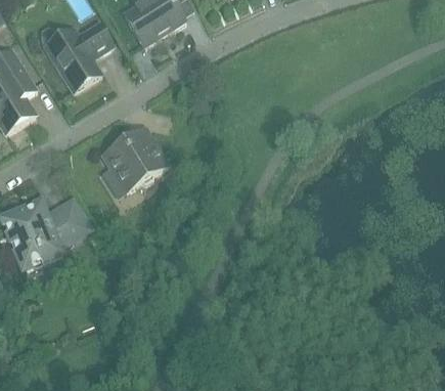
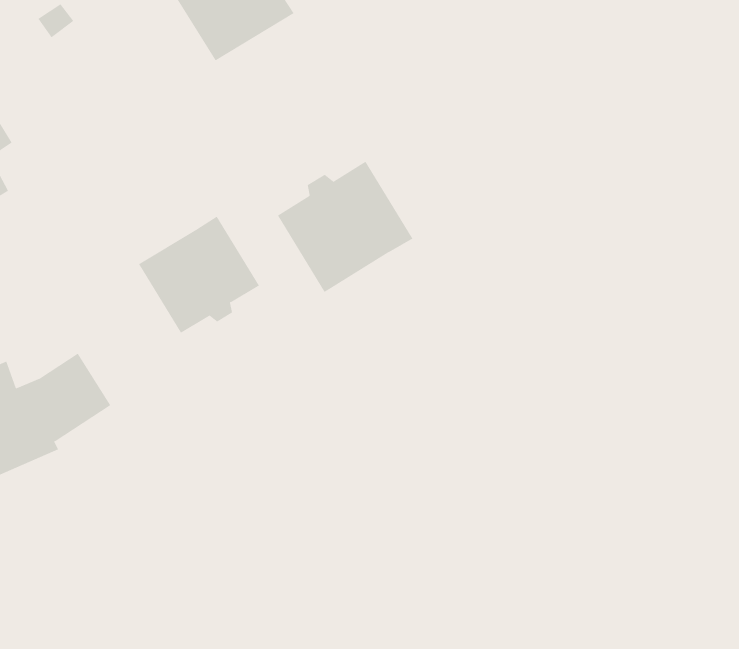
building: [45,21,113,90] -> none
building: none -> [277,161,413,293]

